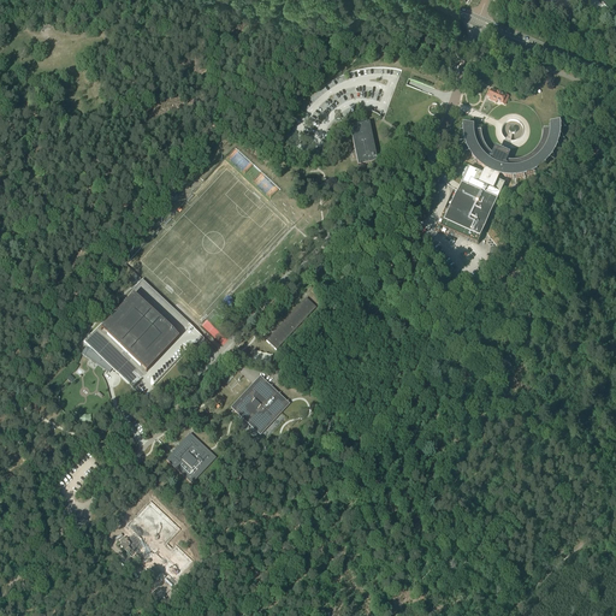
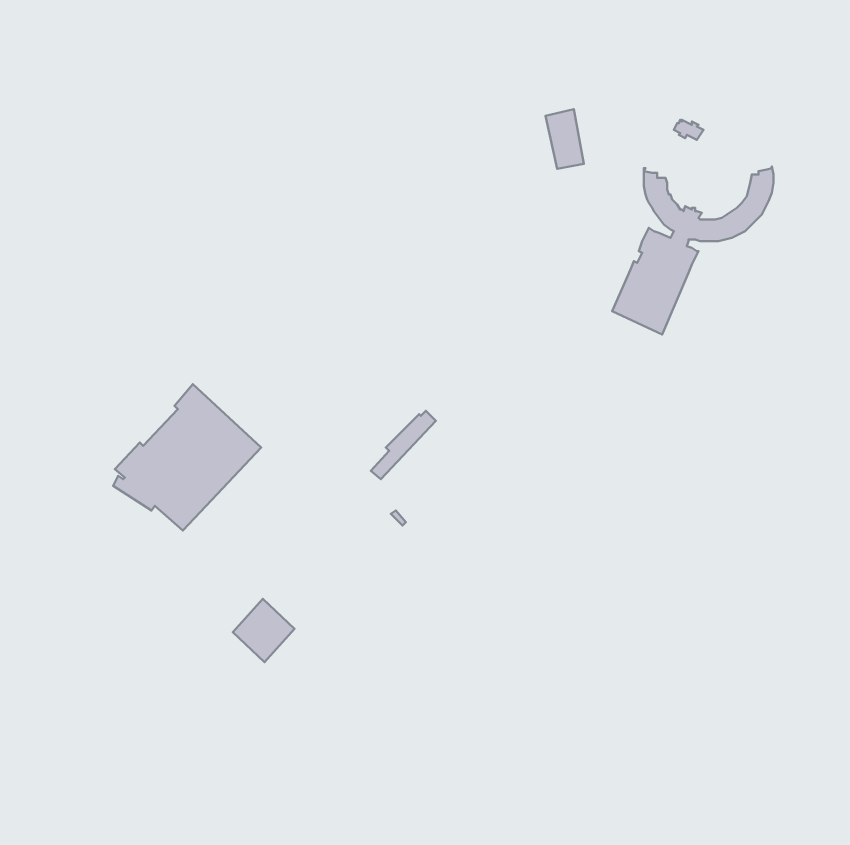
building: [349,119,377,162] -> [546,109,584,169]
building: [233,380,286,430] -> none

